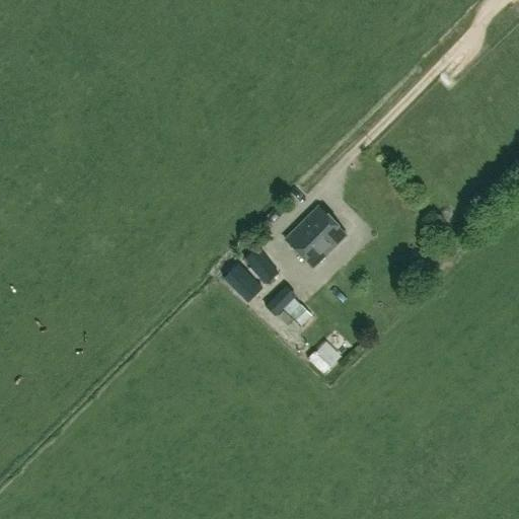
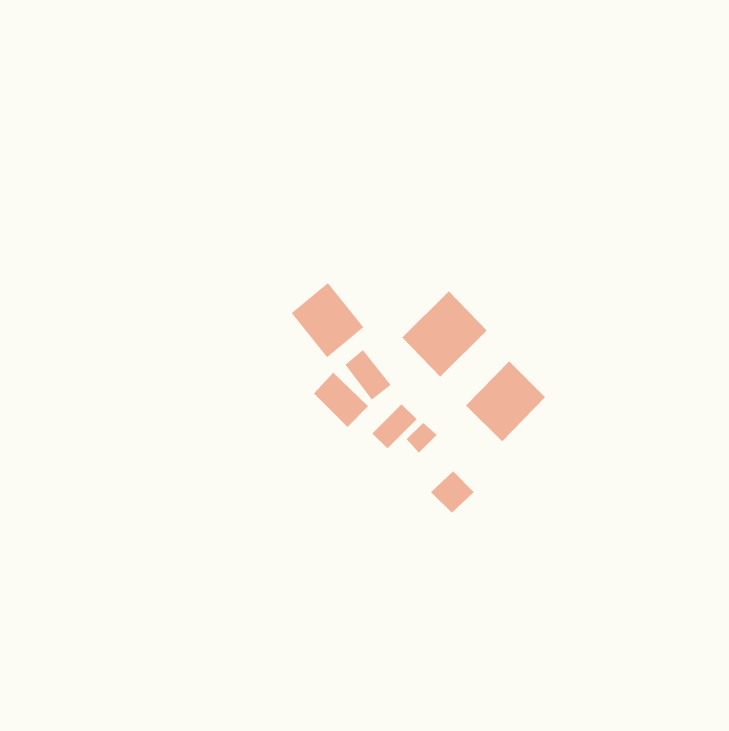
building: none -> [291,282,364,358]
building: none -> [465,360,546,442]

